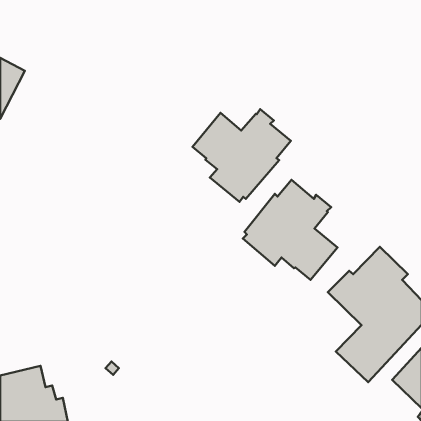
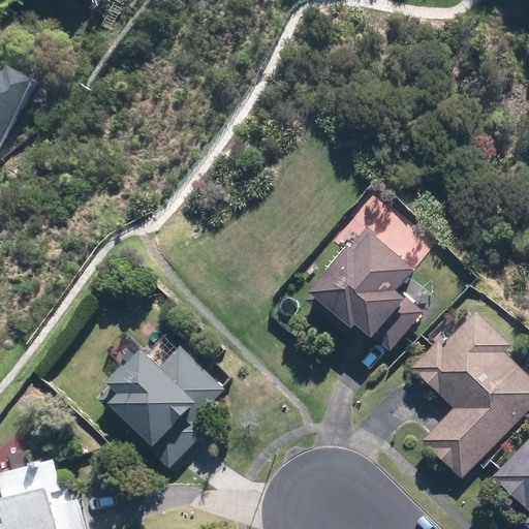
building: [193,109,291,202] -> none
building: none -> [97,344,225,469]

